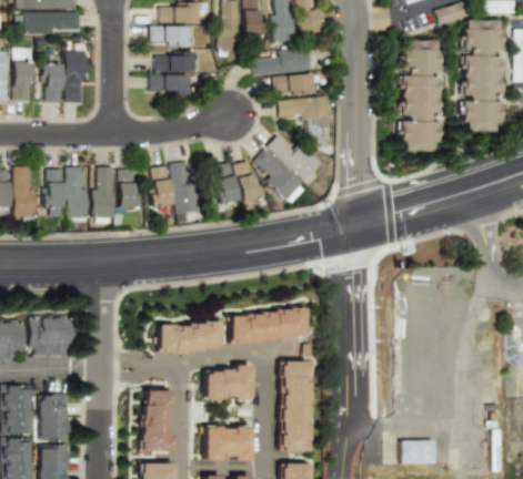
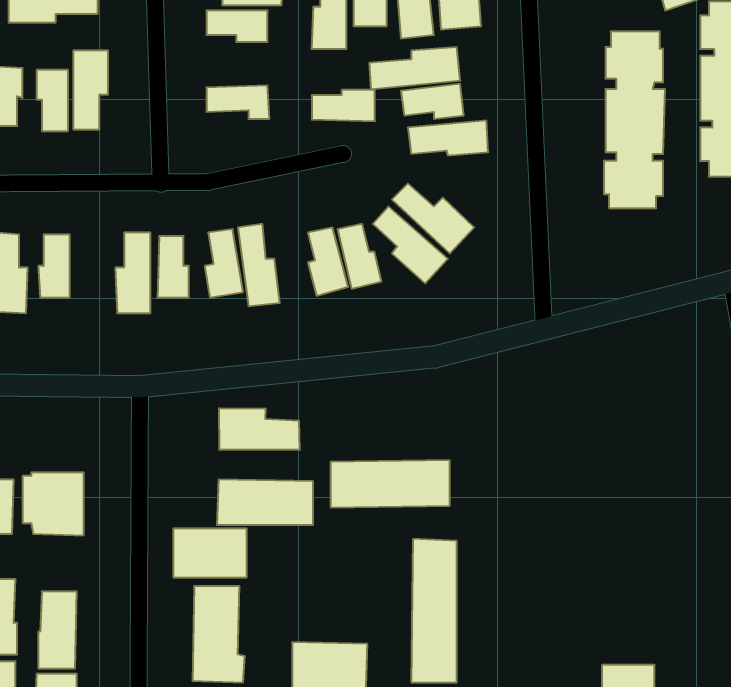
building: [154,52,194,72] -> [312,90,375,121]
building: [66,166,88,217] -> none
building: none -> [219,408,300,450]
building: [204,368,251,399] -> [173,528,247,577]

